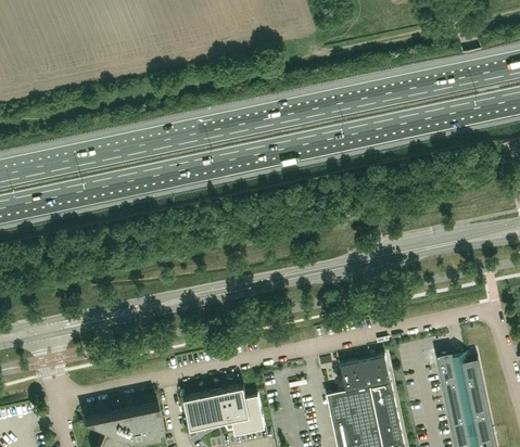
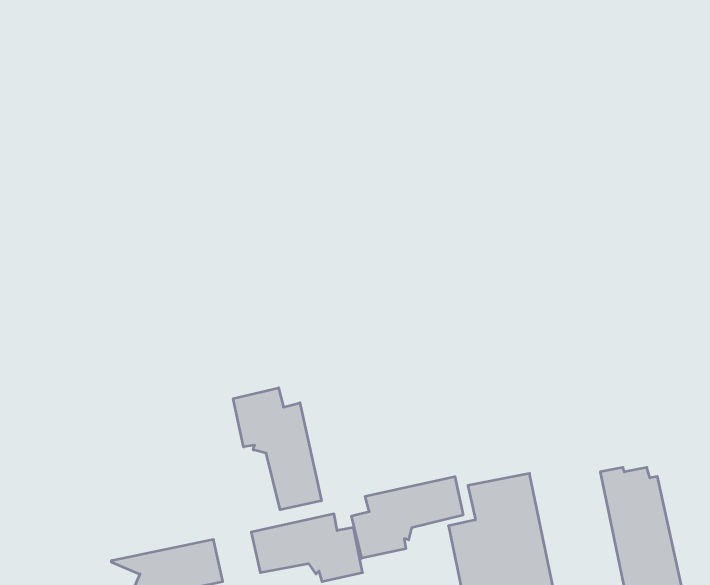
building: none -> [233,388,321,510]
building: none -> [352,477,463,558]

